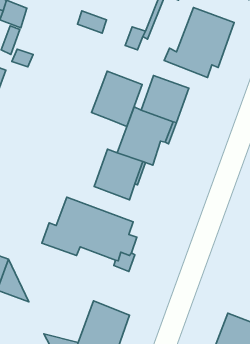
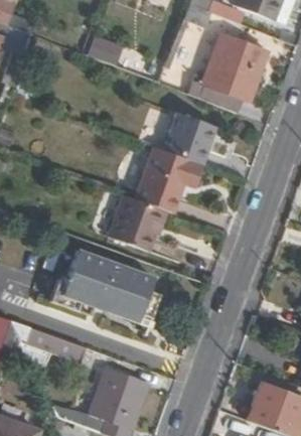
building: [91,71,142,126] -> none
building: none -> [10,319,86,377]

